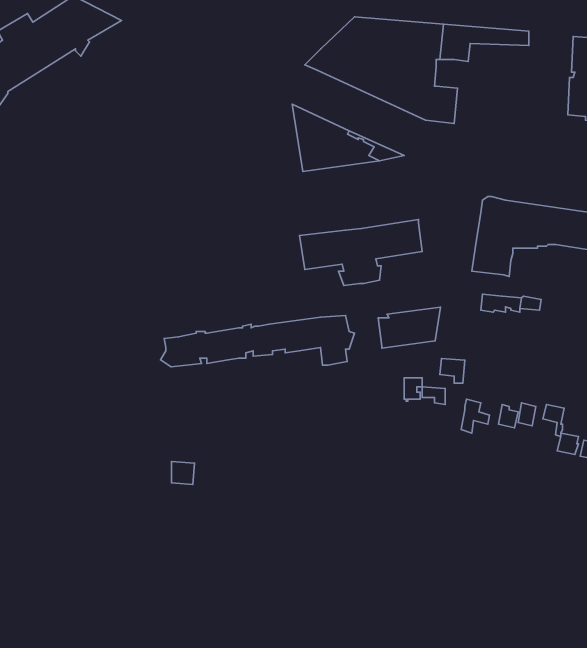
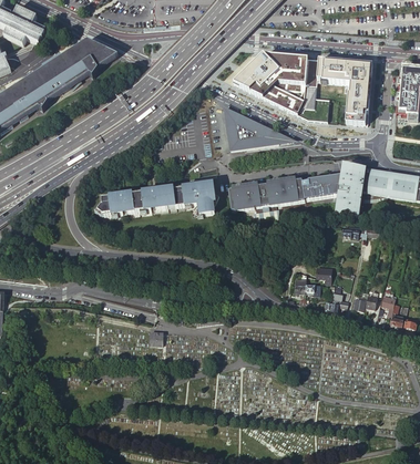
building: none -> [334,70,371,123]
building: [378,307,440,348] -> [303,175,341,200]
building: [161,315,354,367] -> [98,183,218,215]

